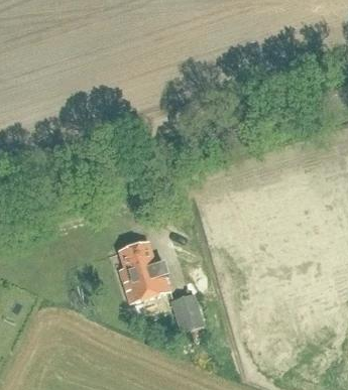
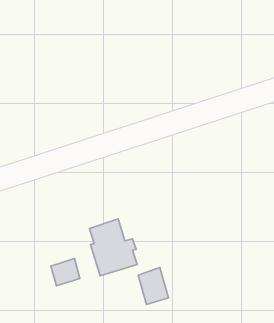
building: none -> [51,258,80,286]

